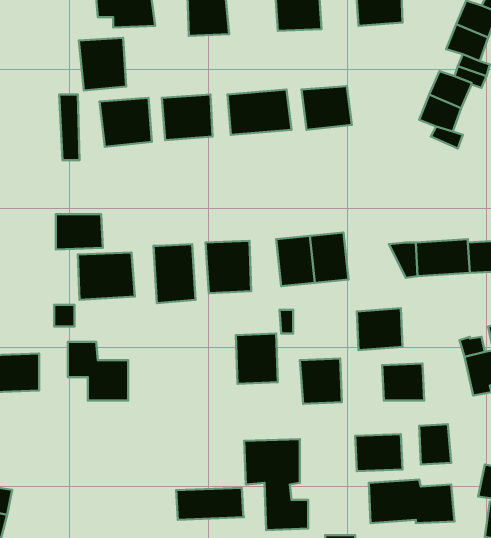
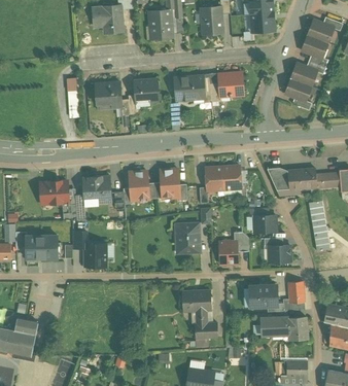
building: [79,38,126,90] -> none
building: [56,214,103,250] -> [39,180,68,202]
building: [176,488,244,520] -> none

